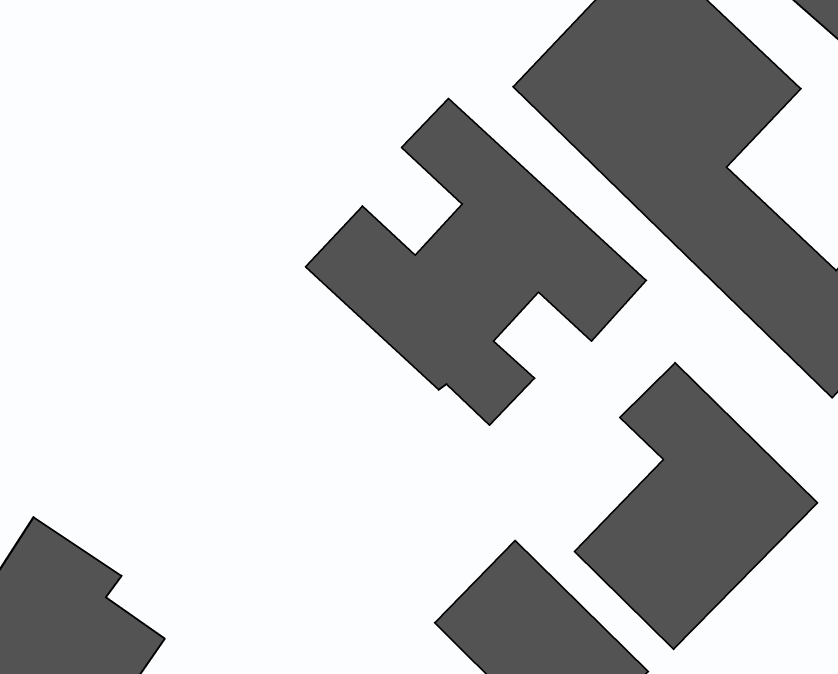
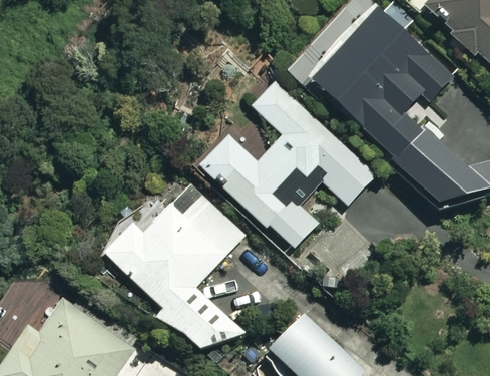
building: none -> [106,191,248,348]
building: [575,363,817,649] -> none

